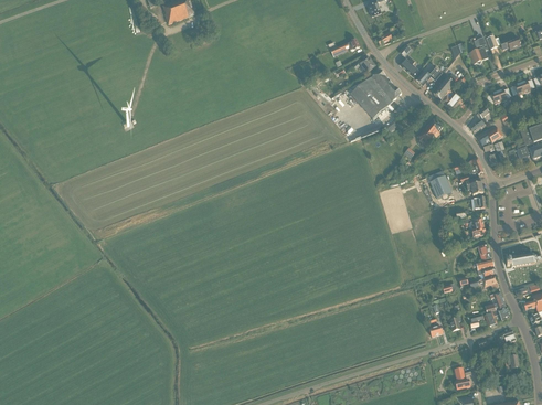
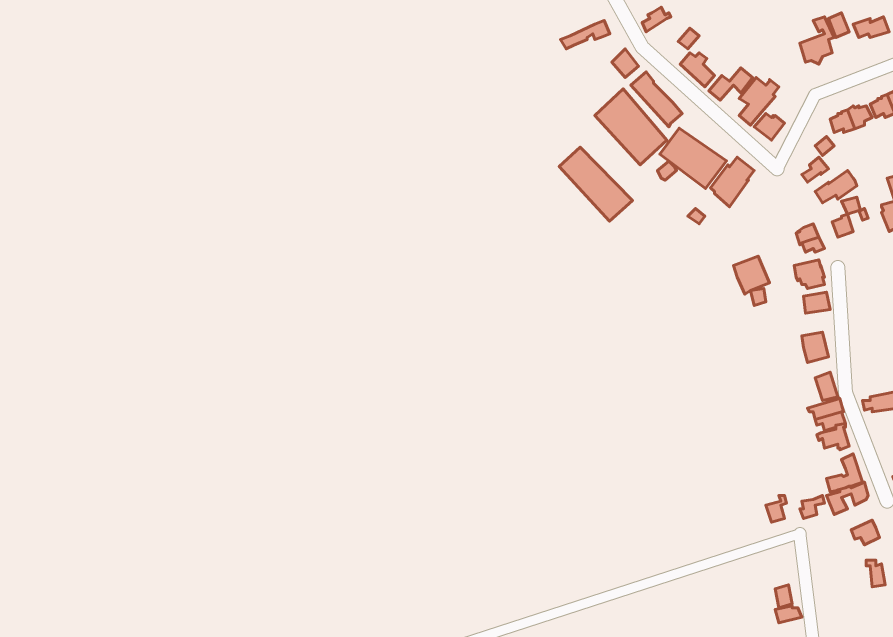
building: none -> [660,128,726,188]
building: none -> [559,147,632,221]

